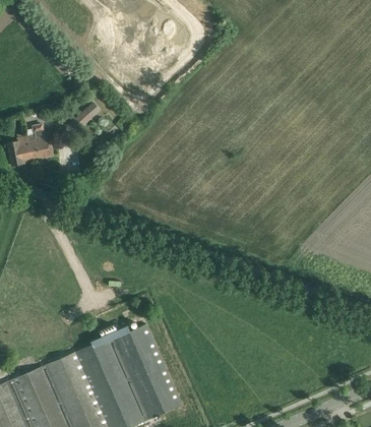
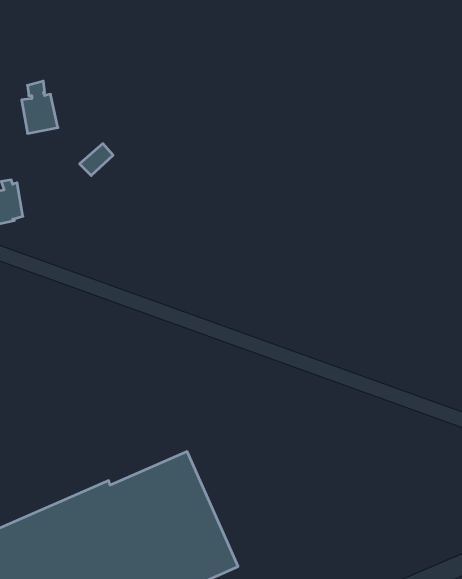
building: [26,123,52,160] -> [22,81,58,133]

